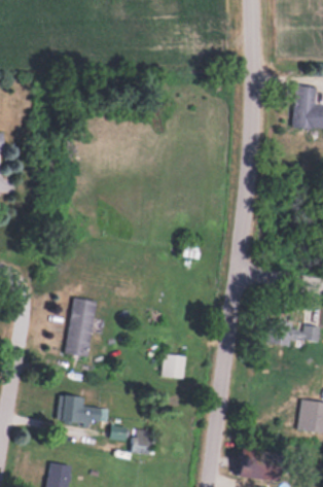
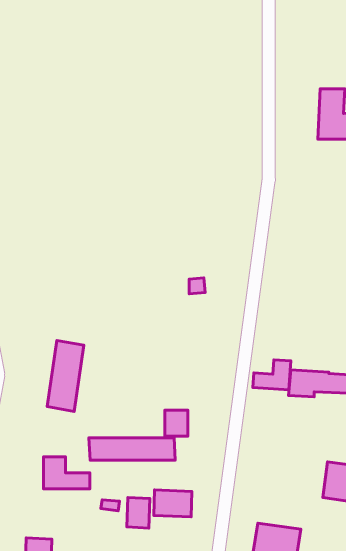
building: none -> [253,360,291,390]
building: none -> [89,438,175,460]
building: none -> [154,490,192,517]

